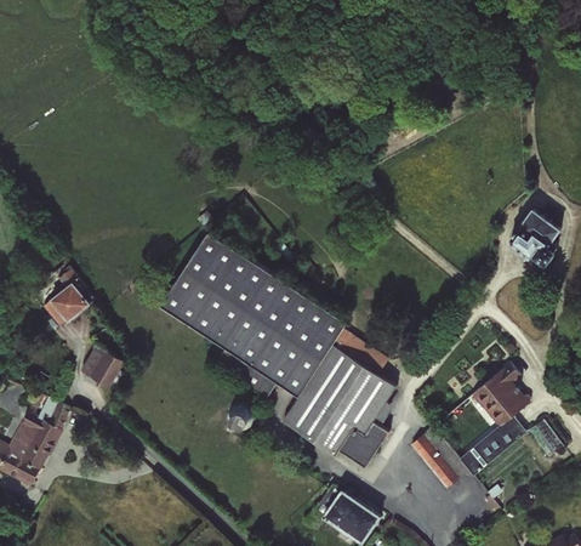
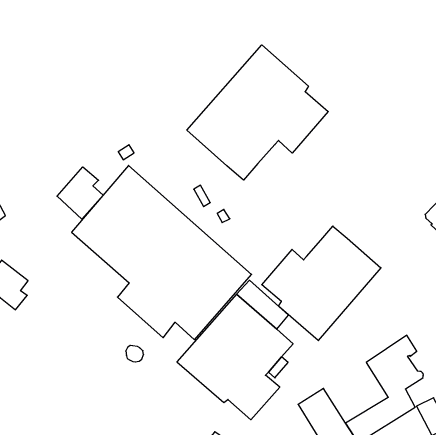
building: none -> [187,45,328,180]
building: none -> [57,167,103,219]
building: none -> [262,226,381,341]

